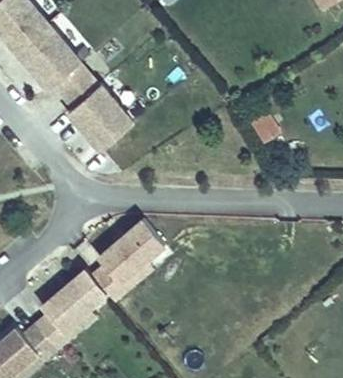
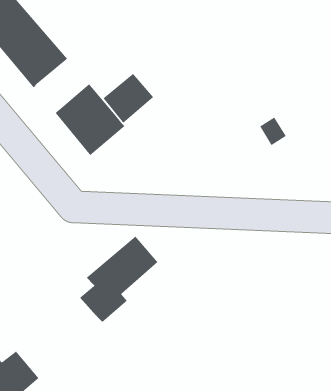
building: [52,61,99,107] -> [102,73,154,124]
building: [33,269,105,350] -> none

